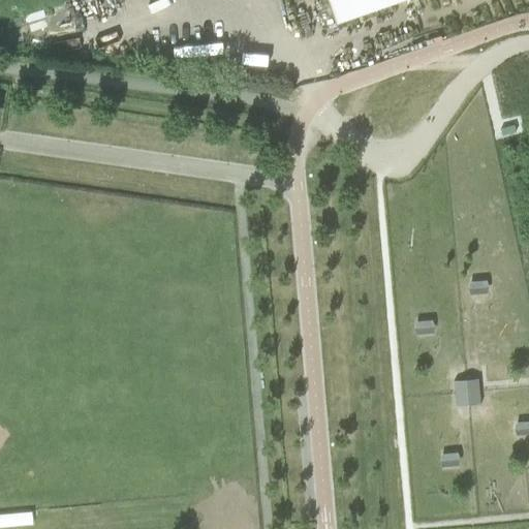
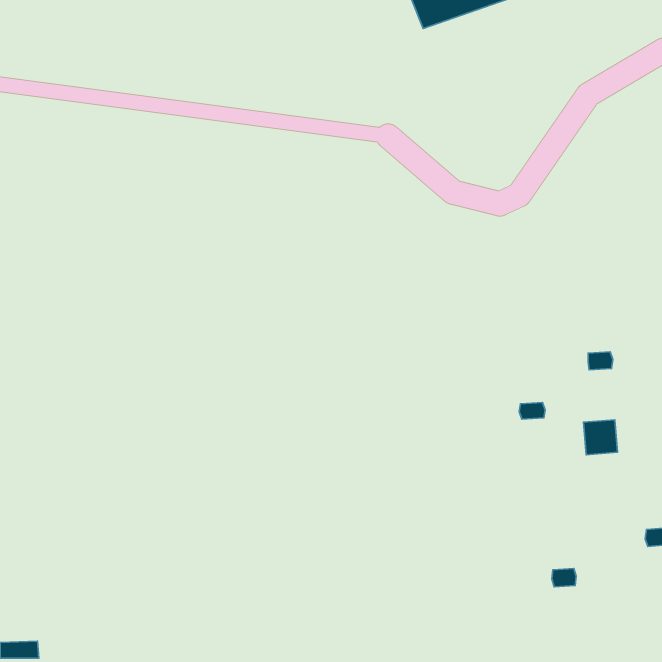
building: [454,378,480,406] -> [584,420,617,455]

